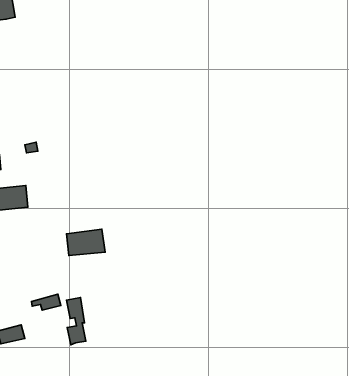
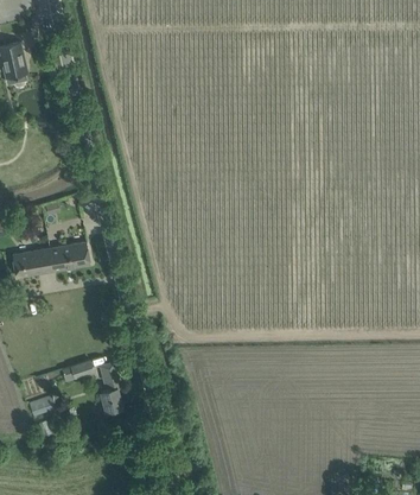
building: [67,229,105,256] -> [49,241,90,271]

